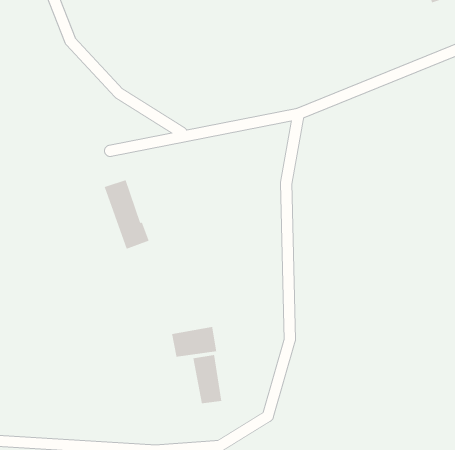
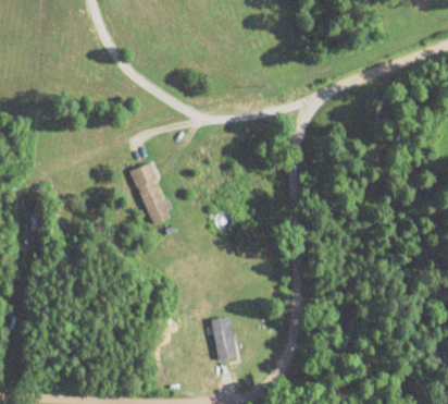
building: [171,326,217,357] -> none

